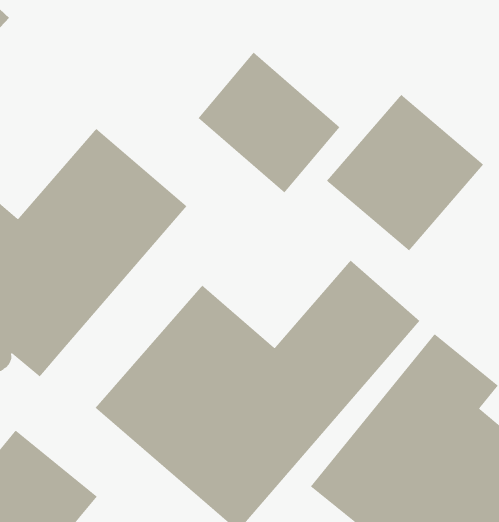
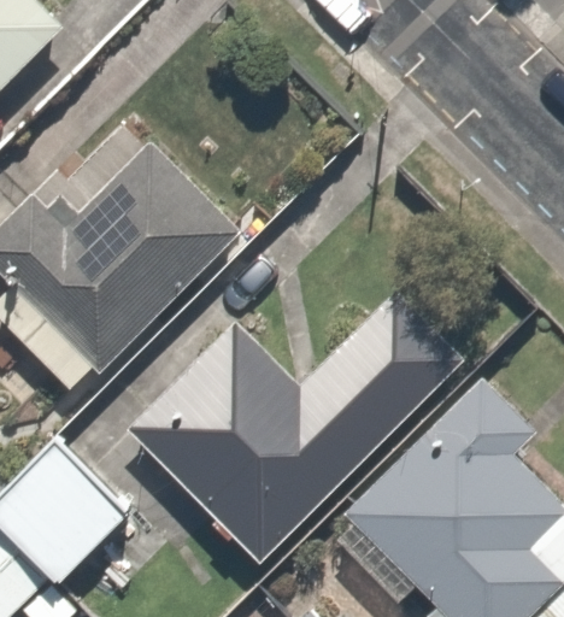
building: [197,52,341,193] -> none
building: [326,94,484,251] -> none

